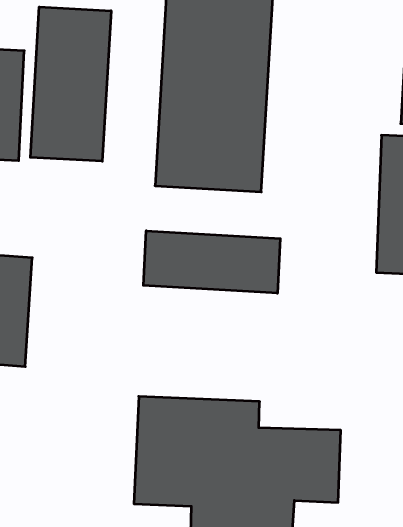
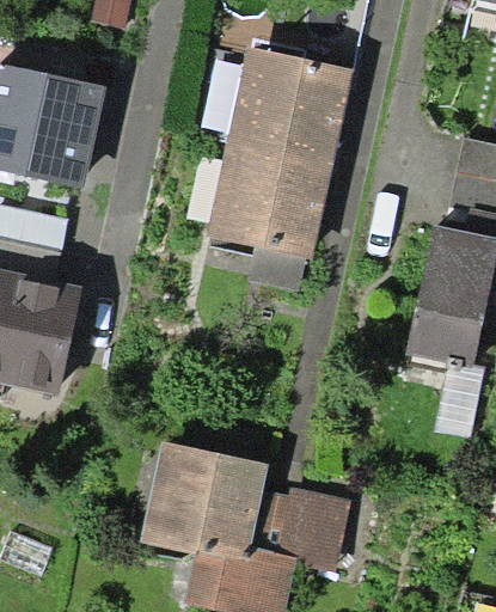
building: [30,7,111,161] -> none
building: [143,231,280,293] -> none

